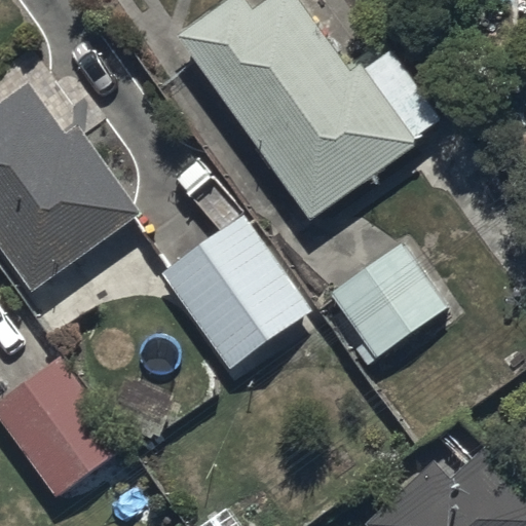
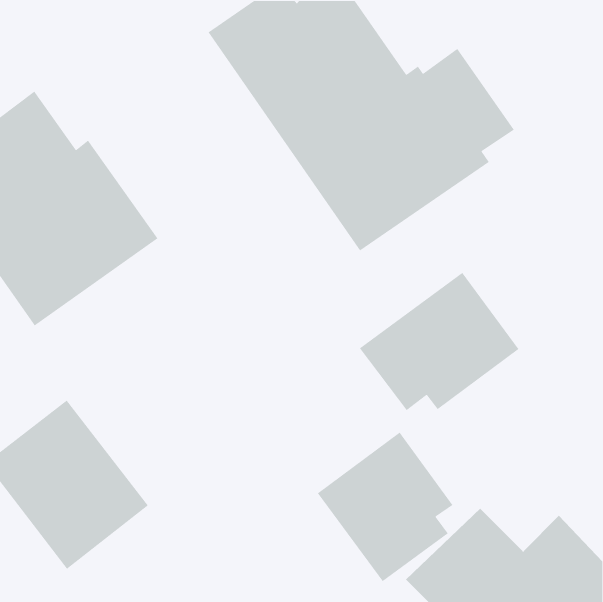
building: [159,213,312,372] -> none
building: none -> [317,431,453,582]

